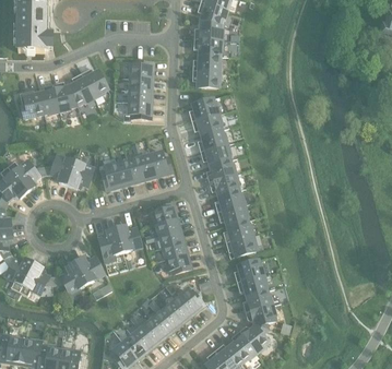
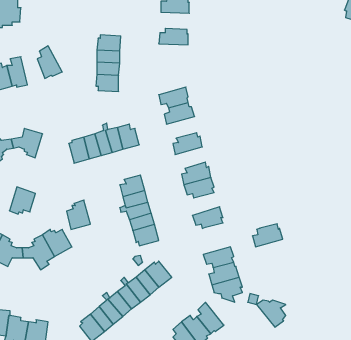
building: [192,37,222,55] -> none
building: [80,67,107,97] -> none
building: [191,69,221,86] -> none
building: [52,80,76,110] -> none
building: [188,97,218,120] -> none
building: [199,142,229,164] -> none
building: [67,159,93,187] -> [9,187,35,214]
building: [207,172,238,194] -> none
building: [222,218,252,241] -> none
building: [116,224,141,250] -> none
building: [233,258,263,281] -> [252,224,283,247]
building: [238,324,268,352] -> [256,300,286,327]

